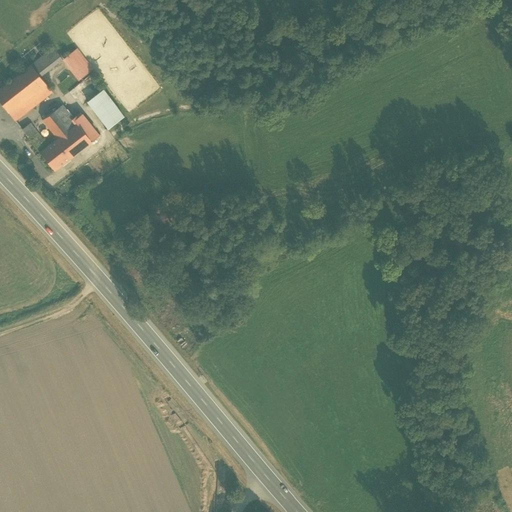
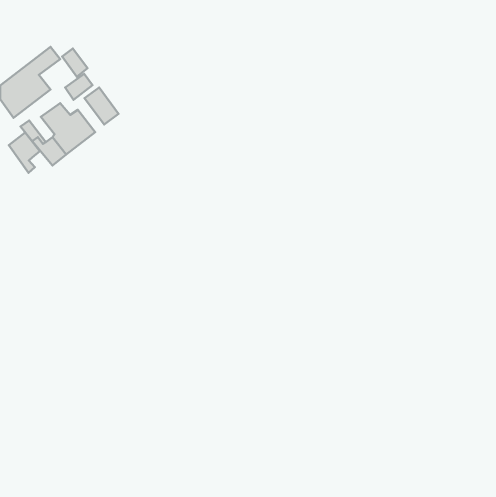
building: none -> [65,74,93,100]
building: none -> [9,132,40,173]

